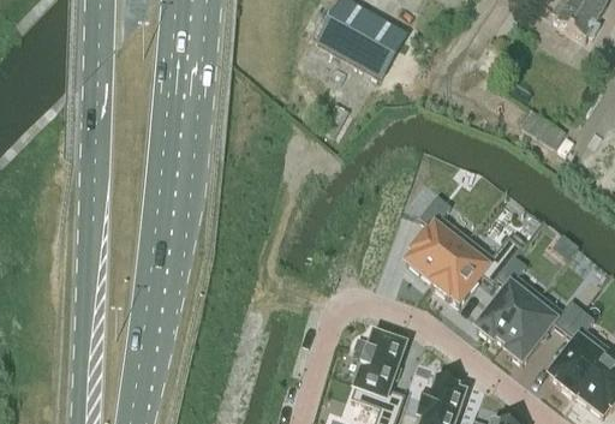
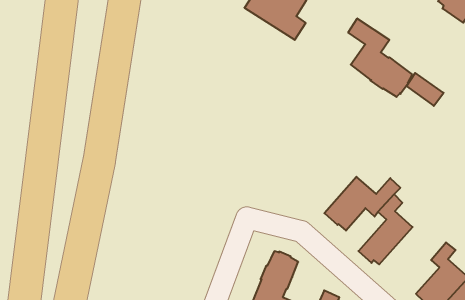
building: none -> [348,18,412,97]
building: [404,193,466,282] -> none
building: [501,292,580,360] -> none

